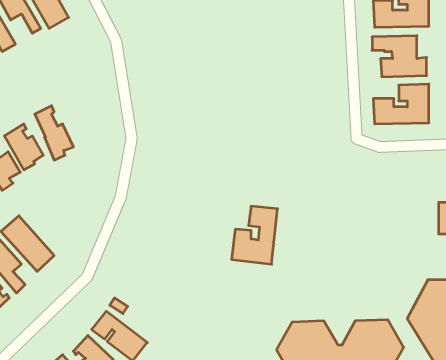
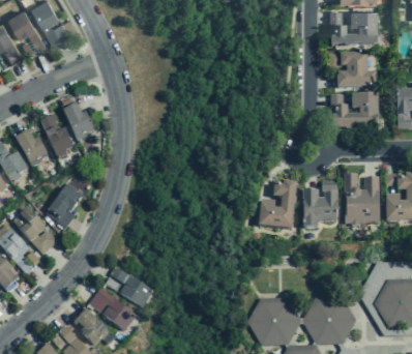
building: none -> [62,104,93,139]
building: none -> [344,174,379,224]
building: none -> [46,185,82,227]
building: none -> [302,190,336,228]
building: [232,206,278,264] -> [258,180,297,230]
building: none -> [112,268,153,307]

